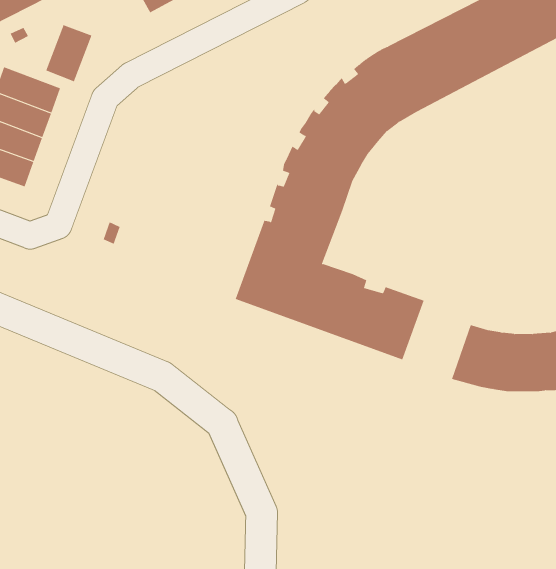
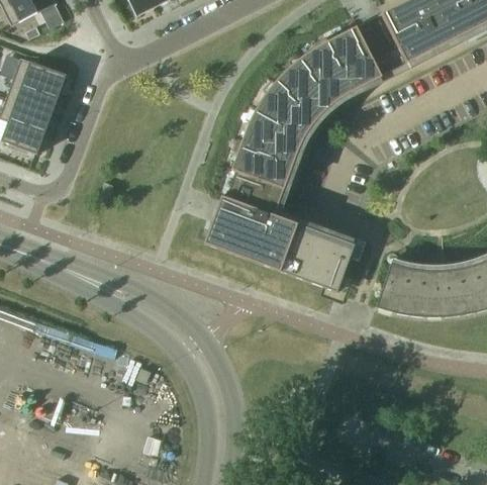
building: [46,24,92,82] -> none

